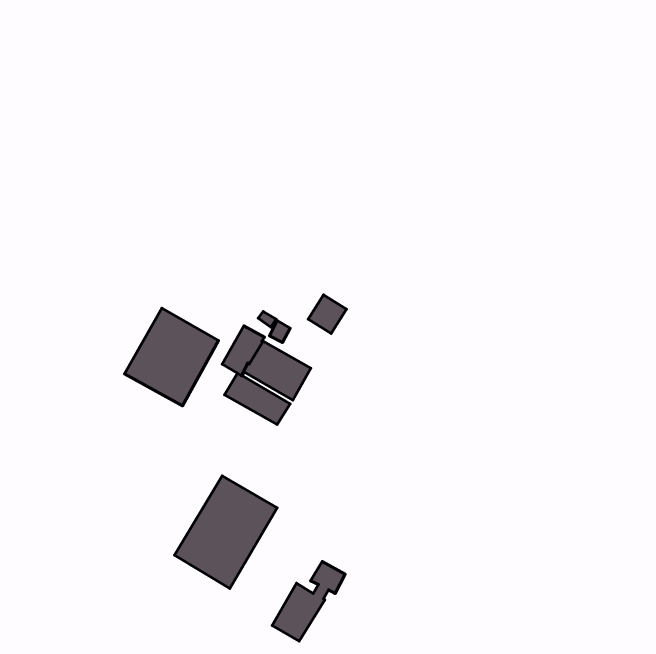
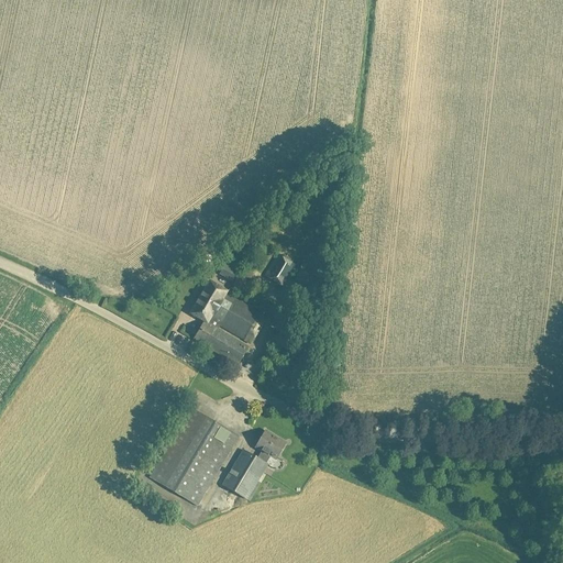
building: [125,308,219,406] -> none
building: [272,562,345,641] -> [222,430,285,498]

